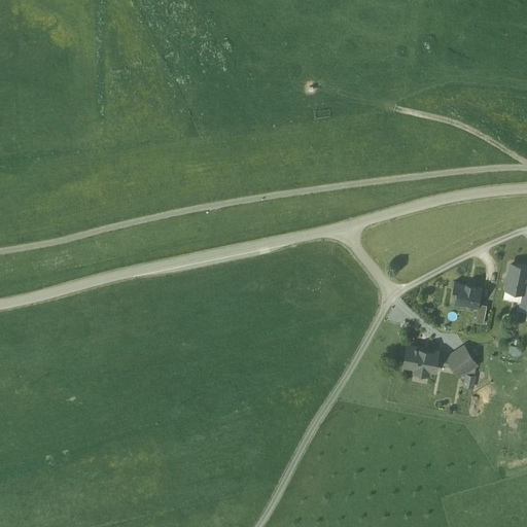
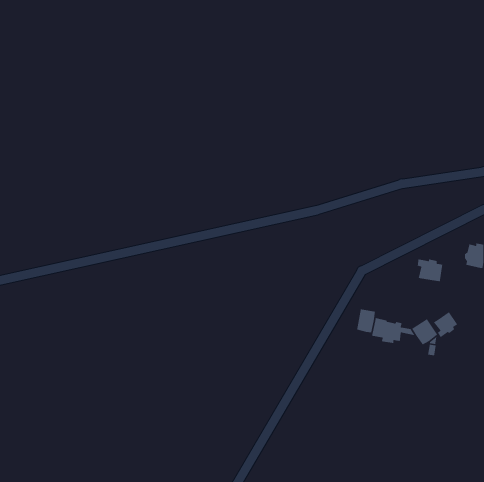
building: none -> [356,309,376,333]
building: none -> [433,311,458,338]

